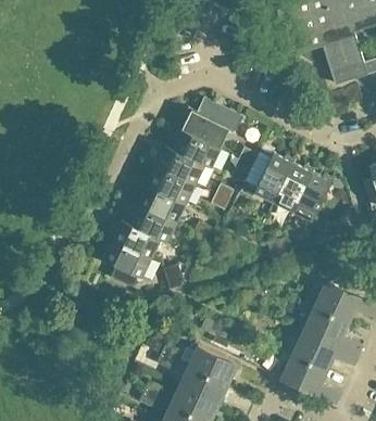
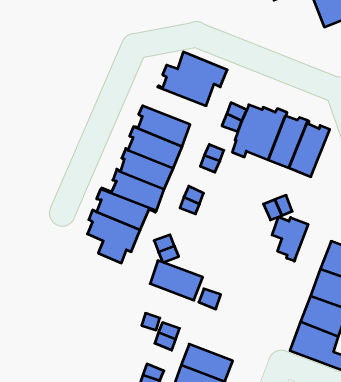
building: [162,128,221,168] -> none
building: none -> [272,217,308,261]
building: [188,346,237,385] -> [150,261,203,300]

